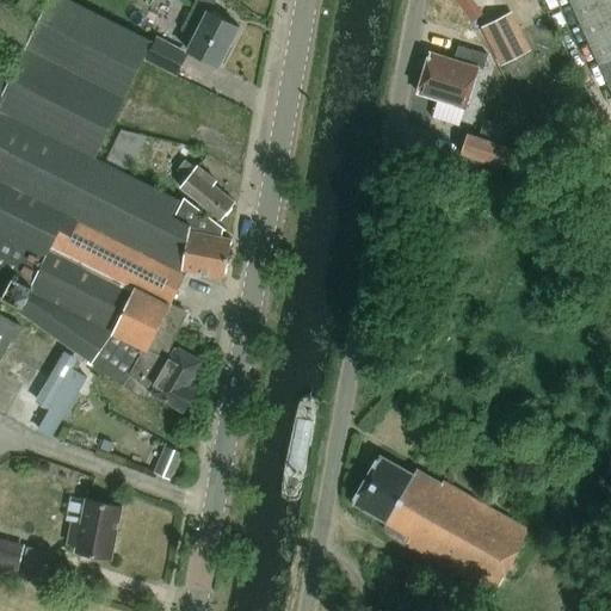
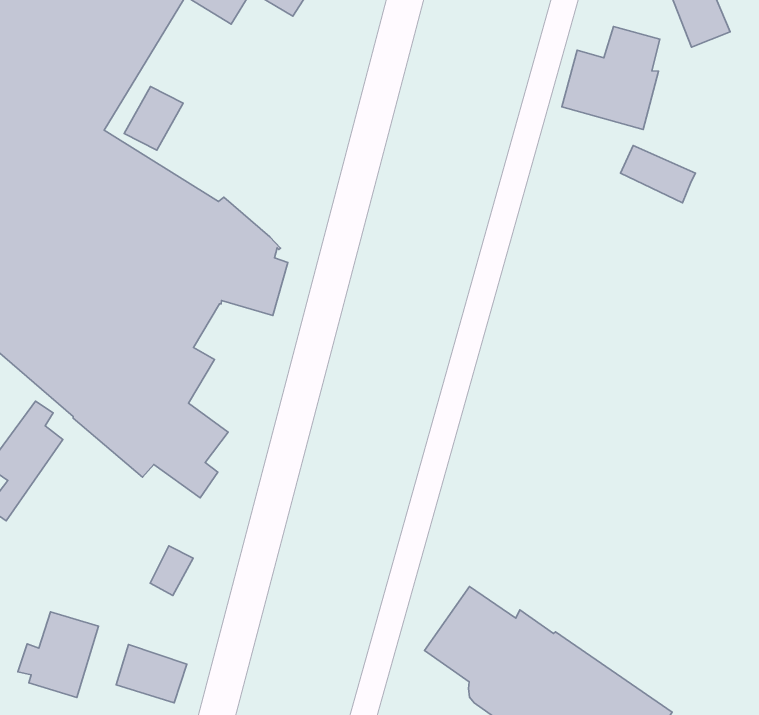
building: [177,160,233,218] -> none
building: none -> [116,645,187,703]

